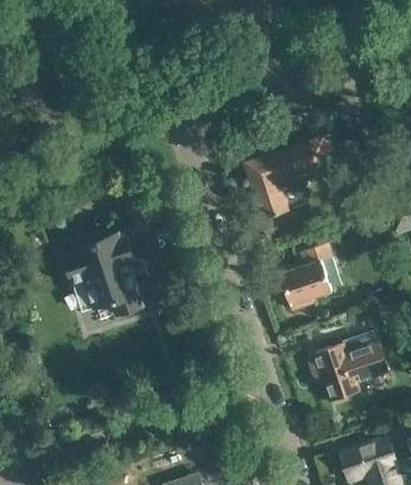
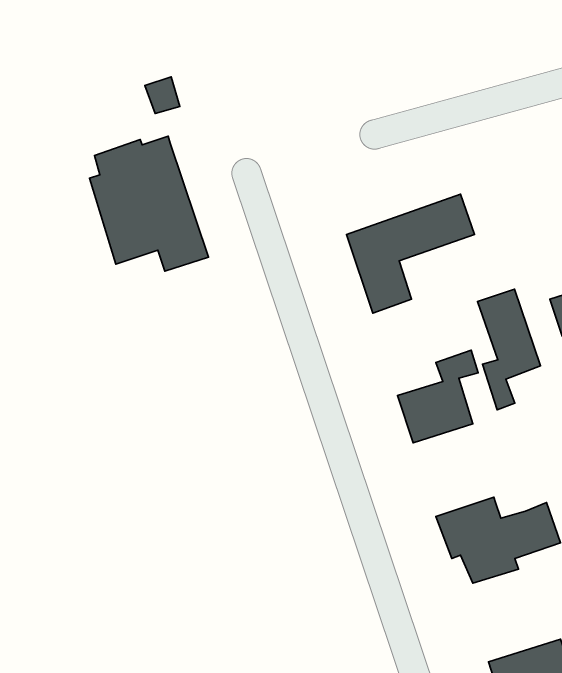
building: none -> [478,289,541,410]
building: [64,226,145,318] -> [89,136,209,271]

